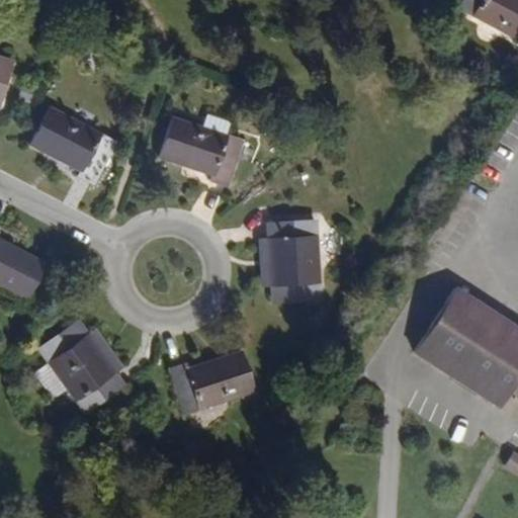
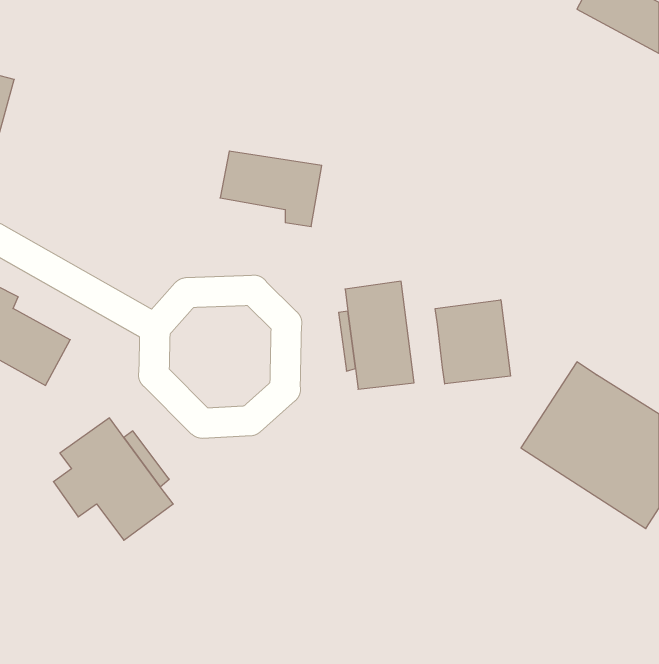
building: [26,108,115,188] -> none
building: none -> [435,300,510,384]
building: [171,347,260,413] -> none

